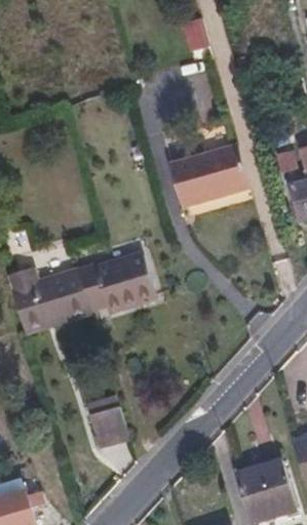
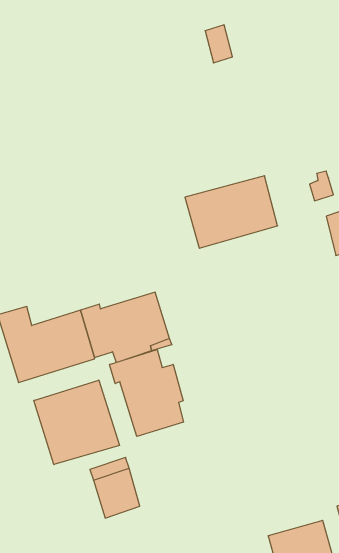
building: none -> [110,349,183,436]
building: none -> [34,380,120,465]

